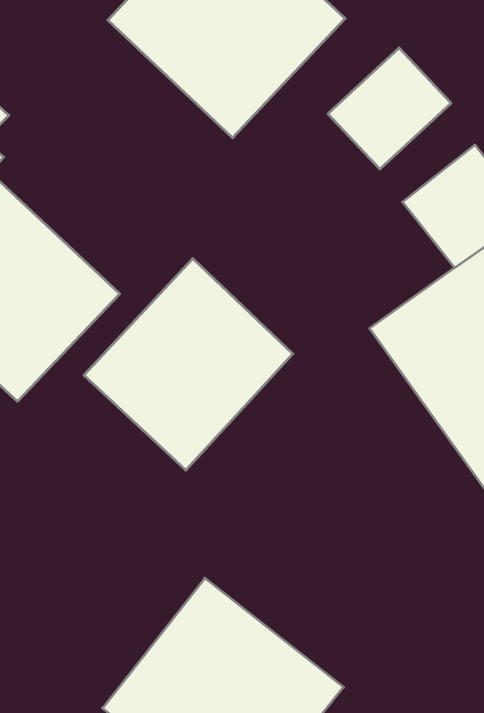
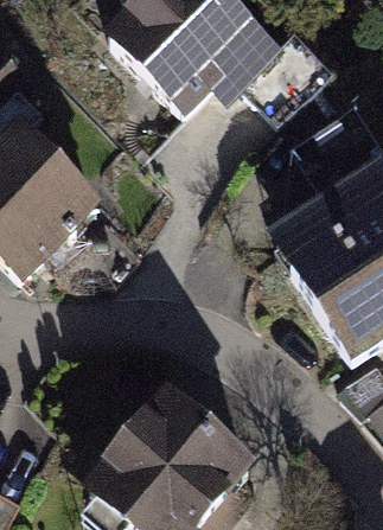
building: [84,258,293,470] -> none

